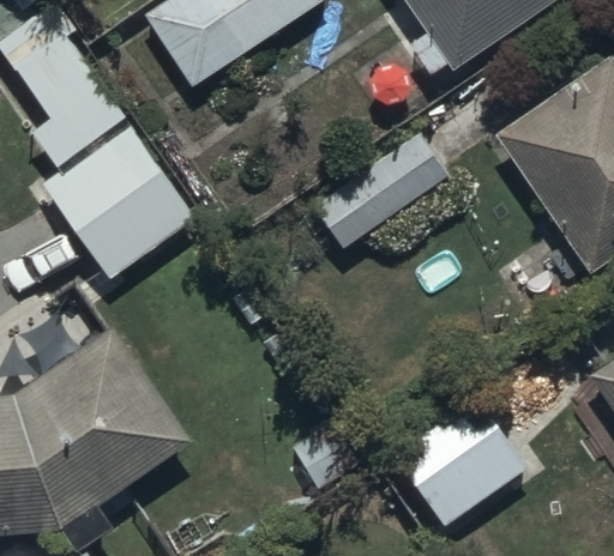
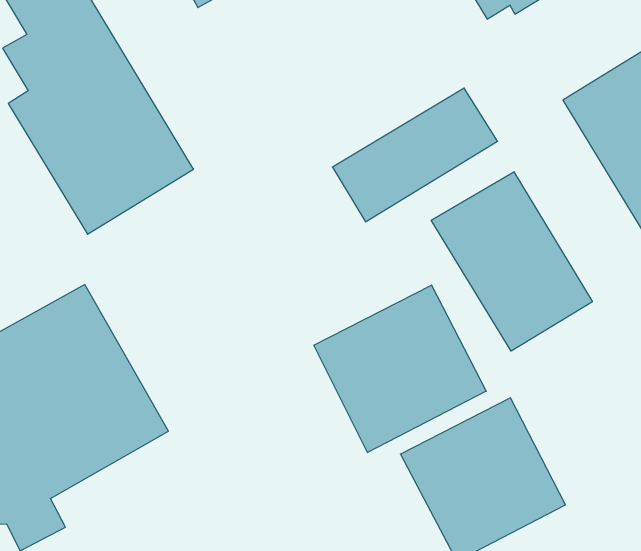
building: none -> [431,172,592,351]
building: none -> [314,285,486,453]

